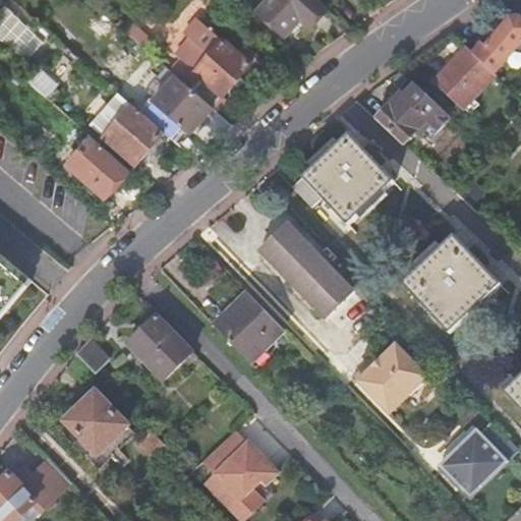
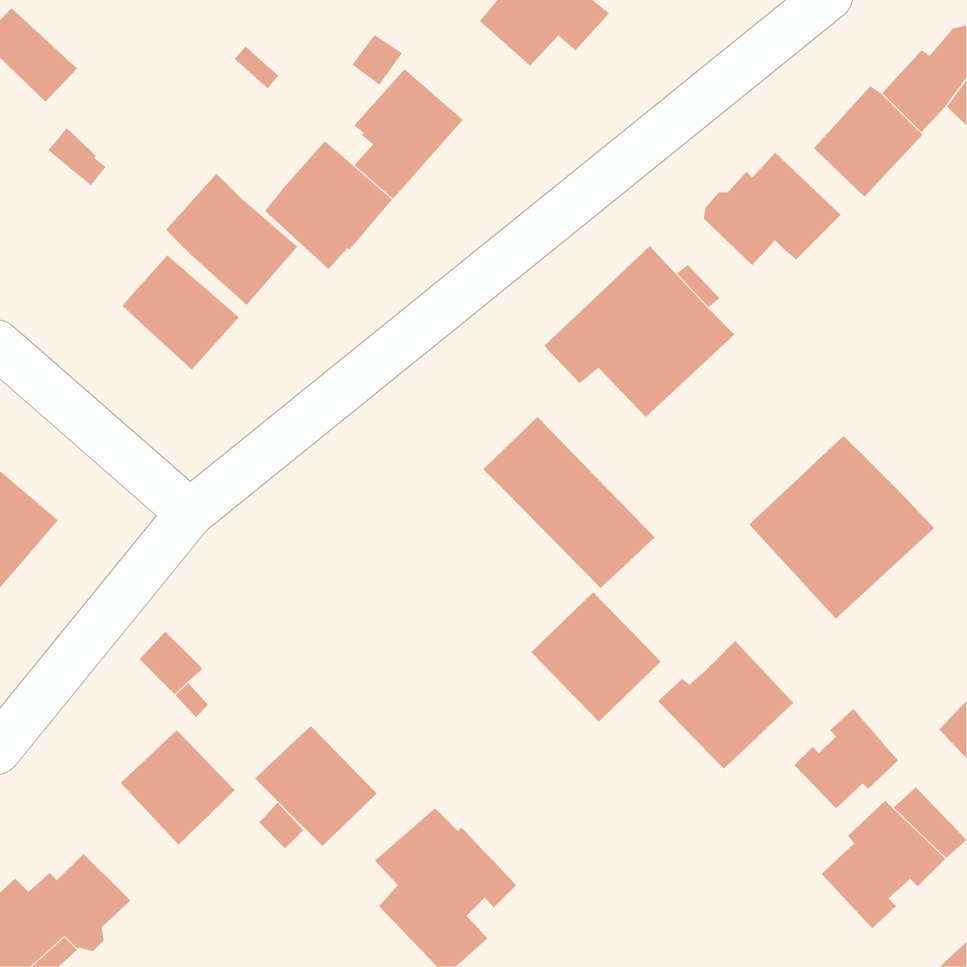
building: [213,292,283,362] -> [530,591,662,722]
building: [125,313,191,379] -> [254,725,377,847]
building: none -> [794,708,899,809]

